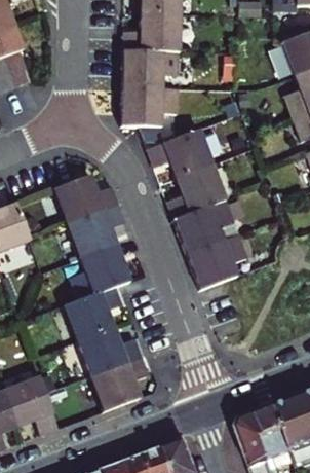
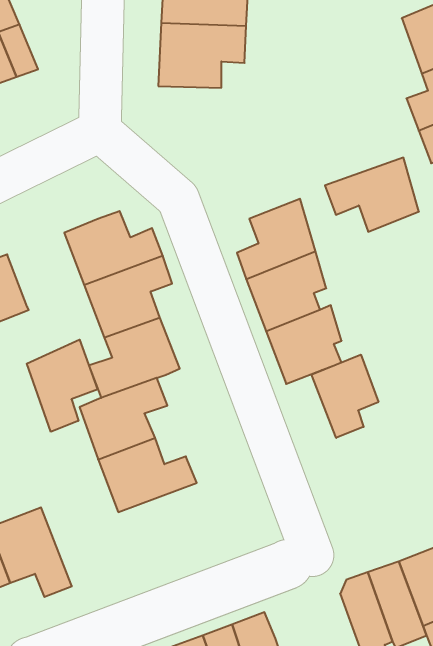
building: [116,90,173,128] -> none
building: [149,130,211,179] -> [325,158,419,232]
building: none -> [27,340,98,432]
building: none -> [312,355,378,438]
building: [90,355,150,410] -> none

